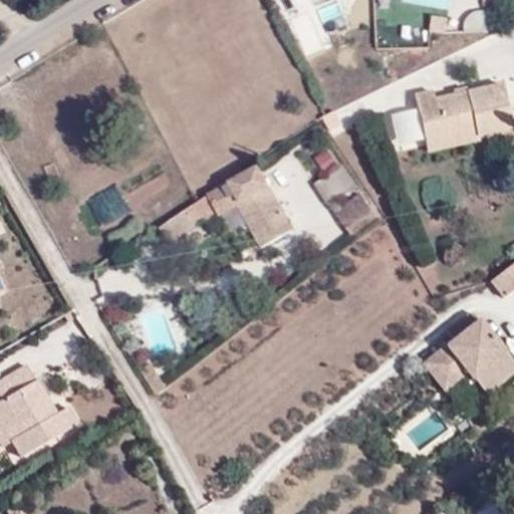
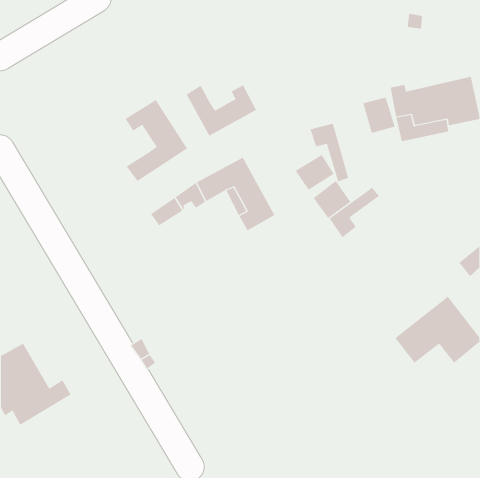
building: none -> [186,84,257,136]
building: none -> [125,99,188,182]
building: none -> [310,123,349,182]
building: none -> [329,187,380,238]

